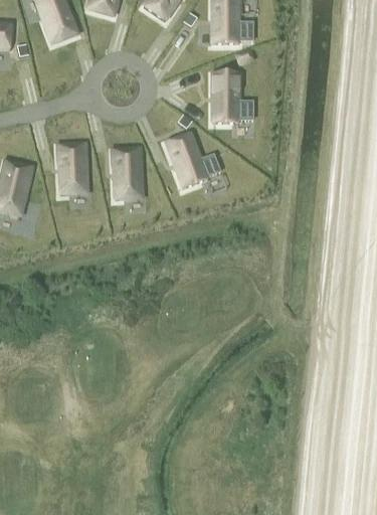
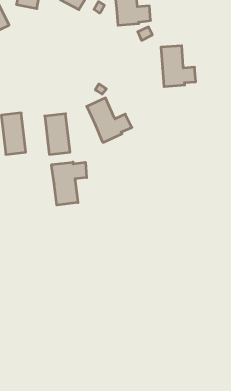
building: [212,72,252,122] -> [161,46,196,87]
building: none -> [51,162,87,205]

